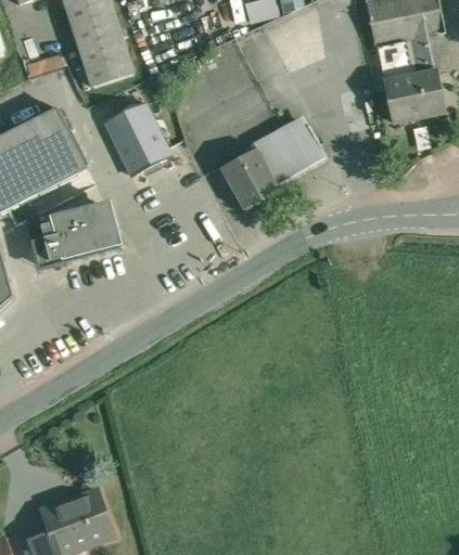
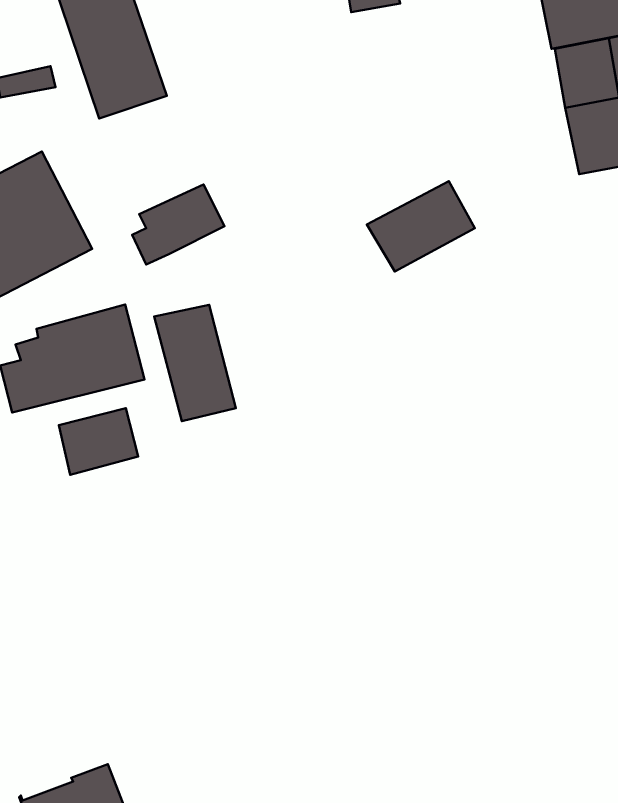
building: [95,102,156,146] -> none
building: [219,147,279,209] -> none
building: none -> [154,305,236,421]
building: none -> [59,408,138,475]

